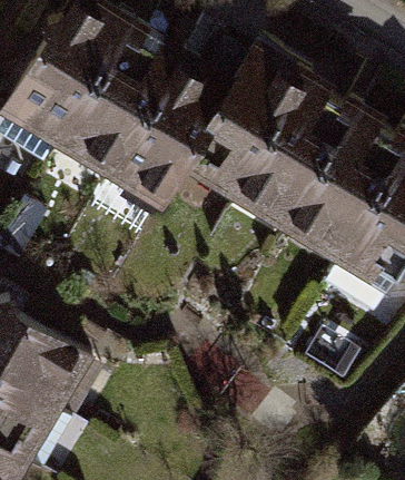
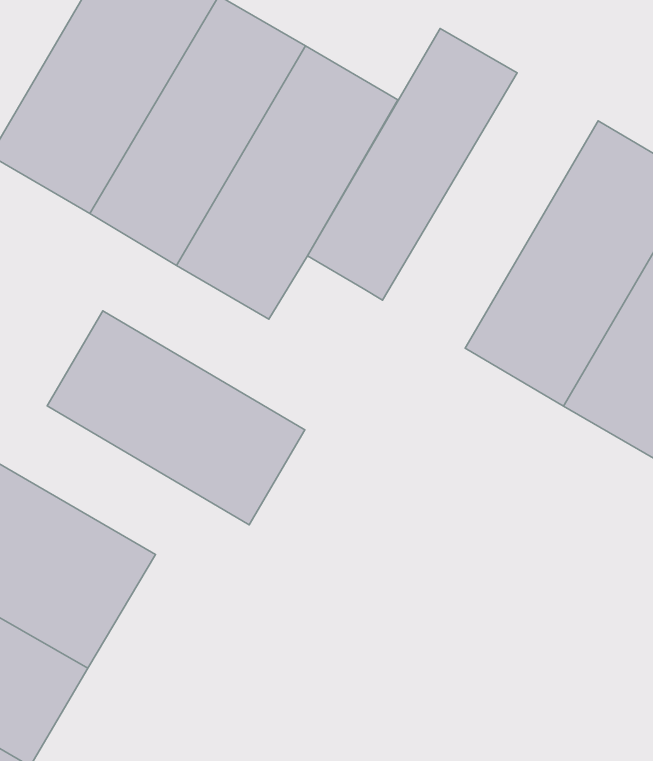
building: [227,70,352,229] -> none
building: none -> [47,311,305,525]

